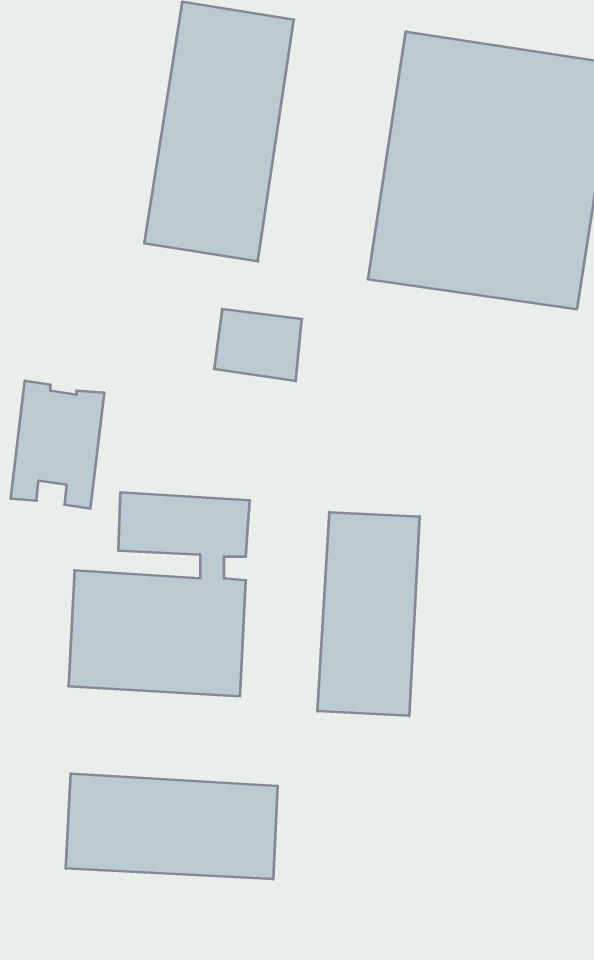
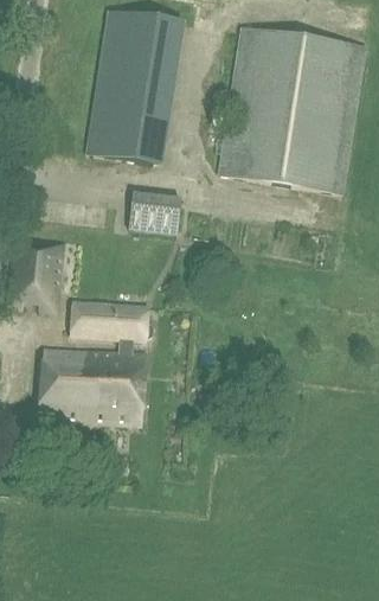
building: [318,512,420,716] -> none
building: [66,774,278,879] -> none

